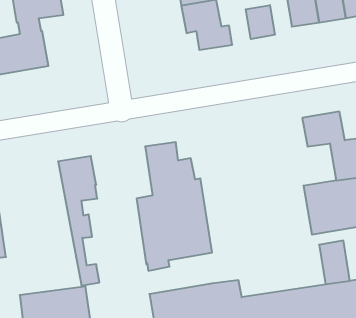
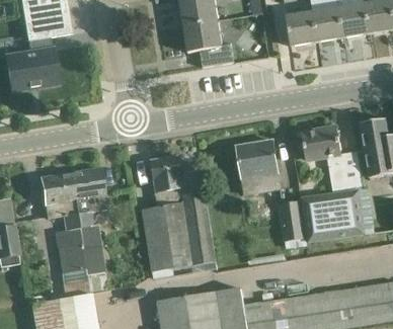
building: [246,5,275,39] -> none
building: none -> [236,139,281,193]
building: none -> [41,173,90,296]
building: [319,241,350,284] -> [278,199,307,241]

